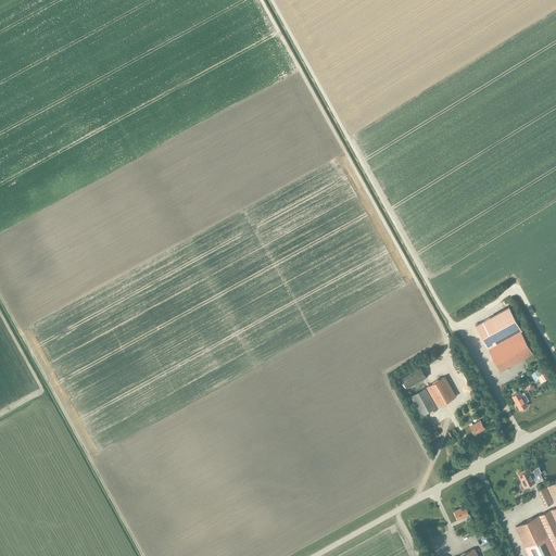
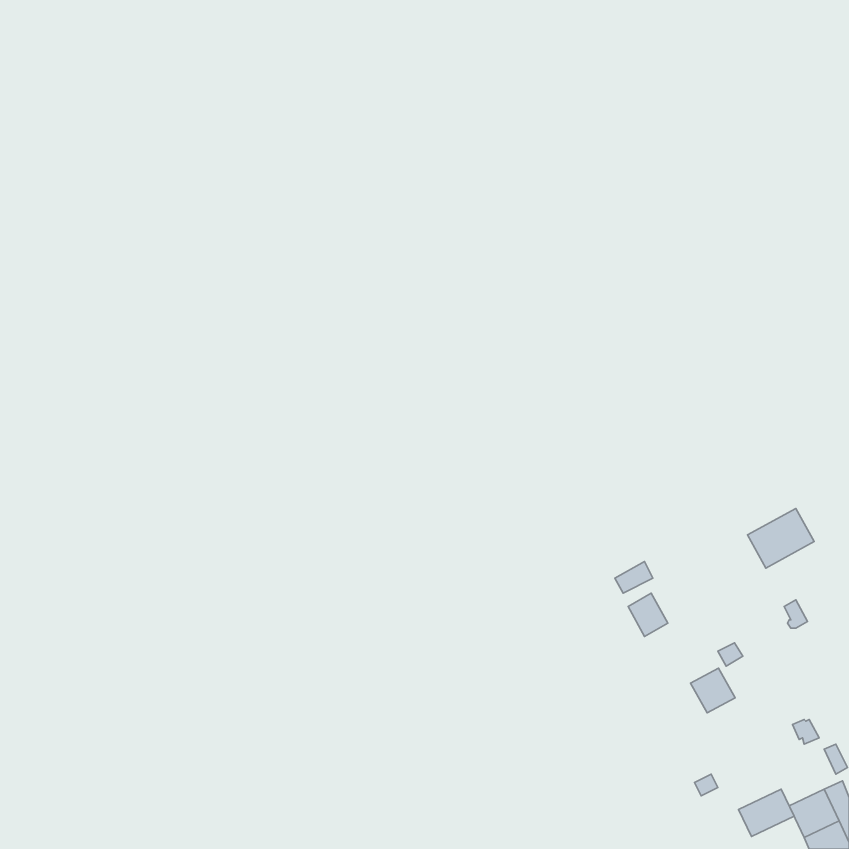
building: [476,307,522,350] -> none
building: [427,377,456,406] -> [690,668,735,713]
building: none -> [739,789,794,837]

